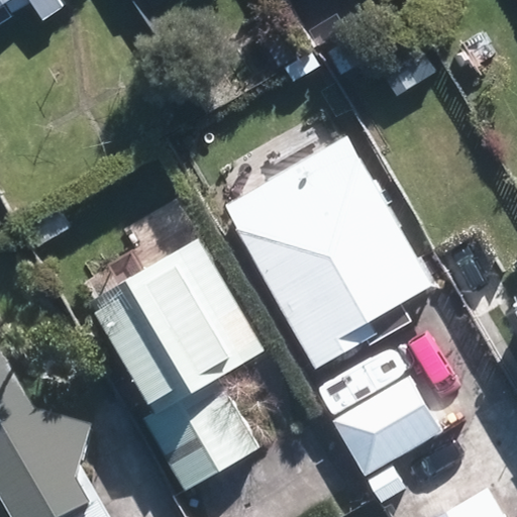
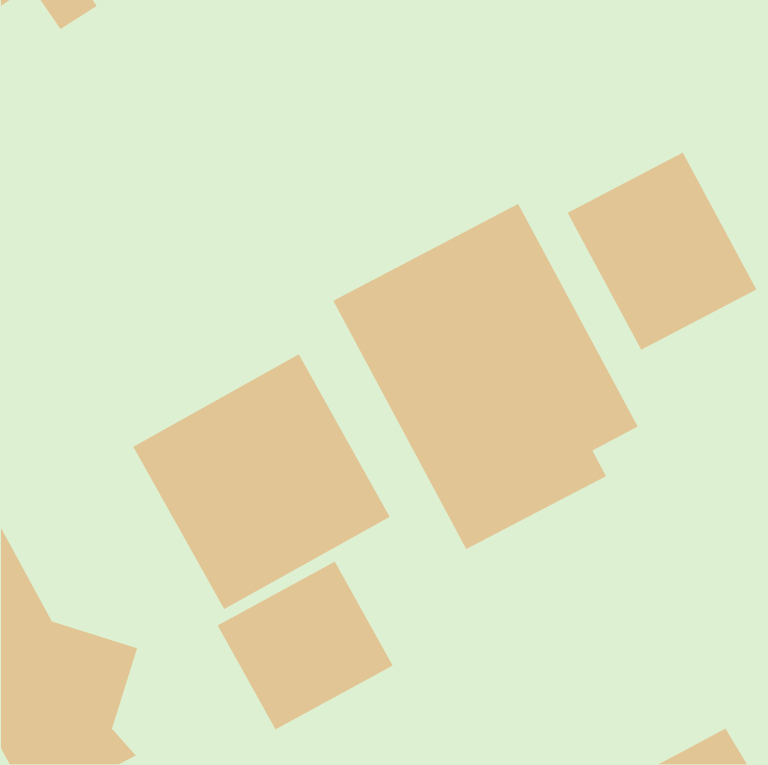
building: none -> [567,151,757,351]
building: [332,374,442,476] -> none

